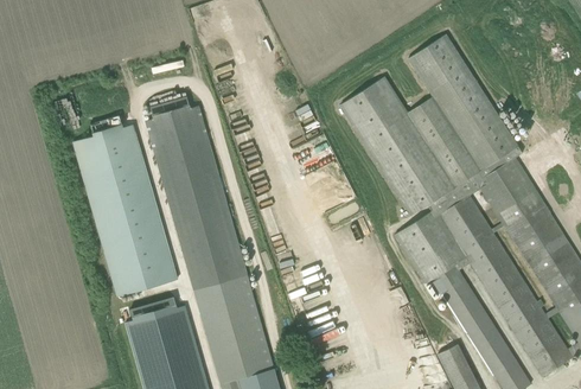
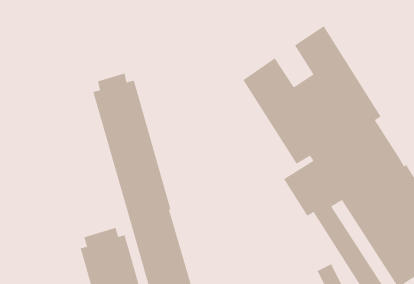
building: [72,115,177,296] -> none

